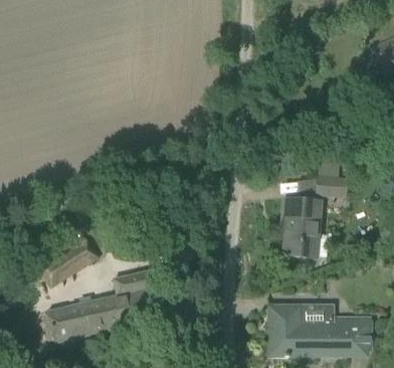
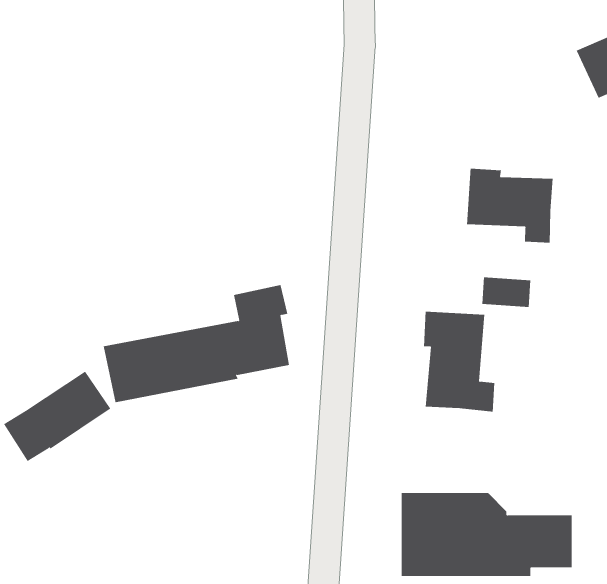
building: none -> [466,168,553,244]
building: [47,270,157,340] -> [103,285,290,403]

